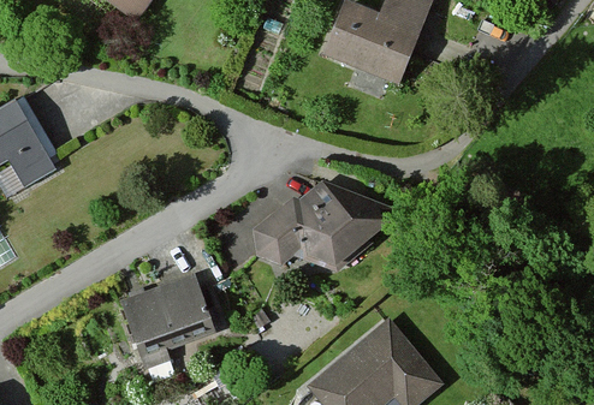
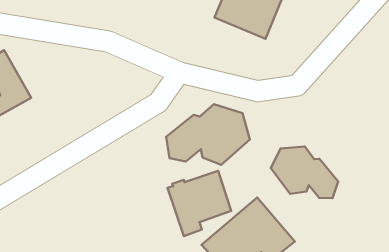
building: none -> [271,147,338,198]
building: [119,275,213,371] -> [167,171,231,236]

